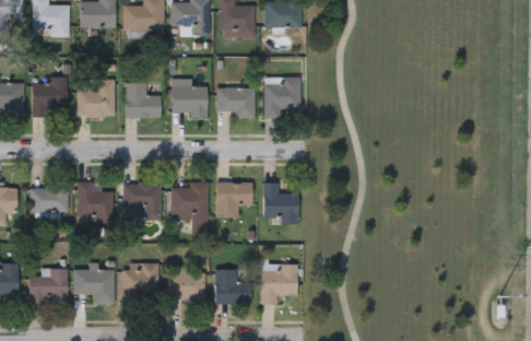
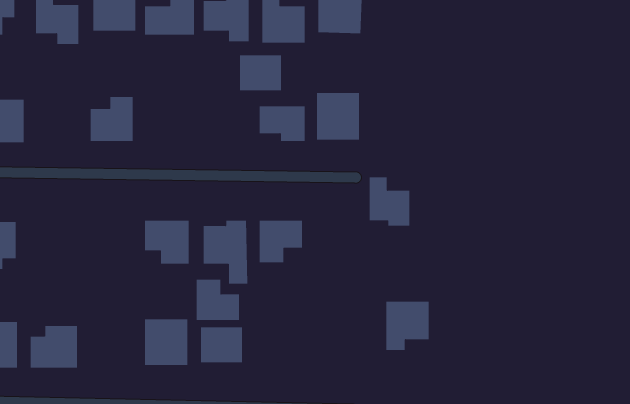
building: [33,82,68,117] -> none
building: [125,83,160,118] -> none
building: [172,86,206,116] -> [239,55,282,91]
building: [31,183,67,213] -> none
building: [76,183,113,219] -> none
building: [263,183,297,223] -> [369,177,410,226]
building: [261,263,297,304] -> [386,301,430,350]
building: [73,270,114,304] -> none
building: [215,270,251,304] -> [196,279,240,321]

